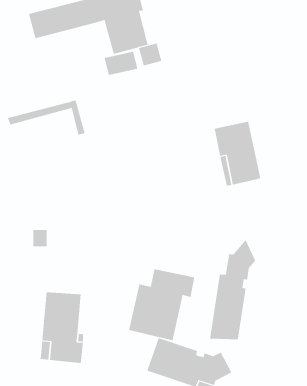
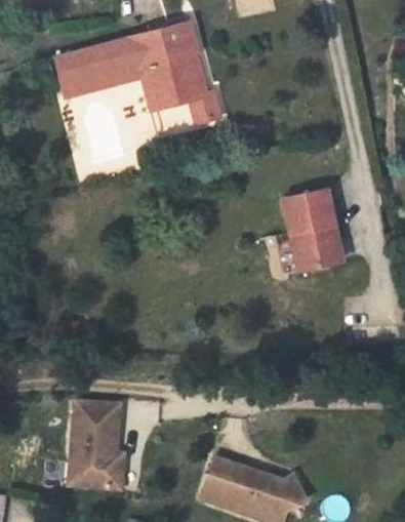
building: [7,99,85,135] -> [64,66,160,110]
building: [209,239,256,340] -> none
building: [129,268,195,341] -> none

